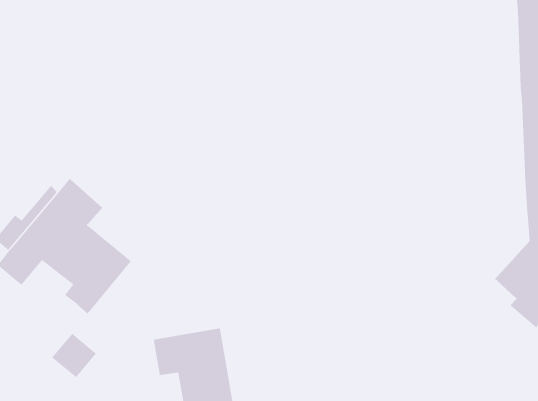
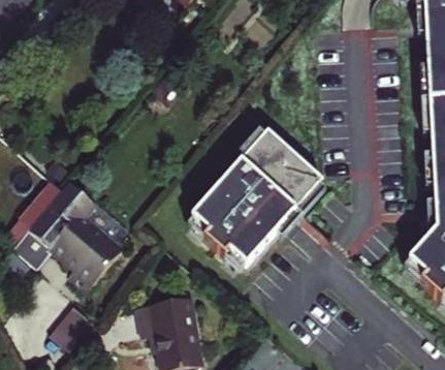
building: none -> [193,131,323,266]

